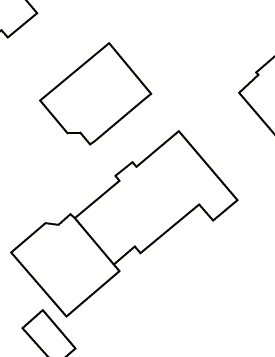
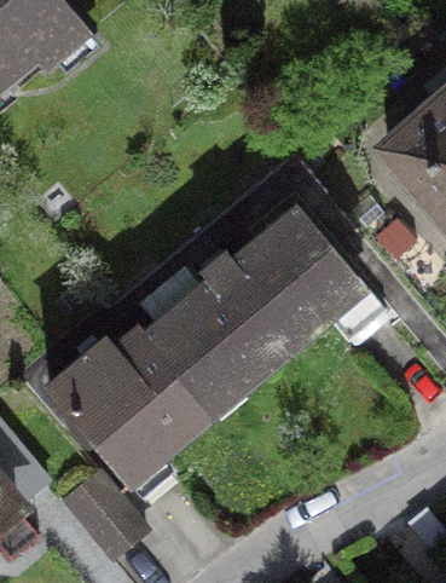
building: [40,43,151,145] -> none

